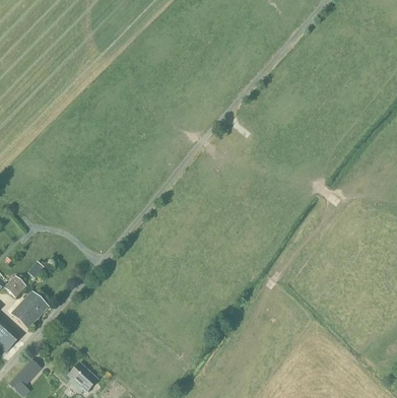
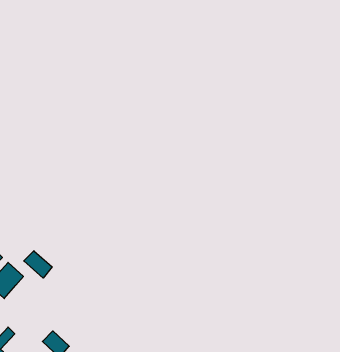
building: none -> [24,251,52,278]

